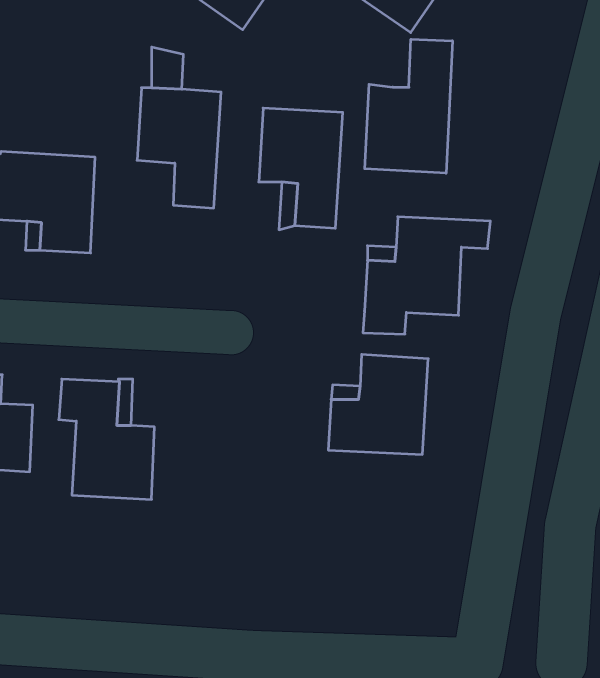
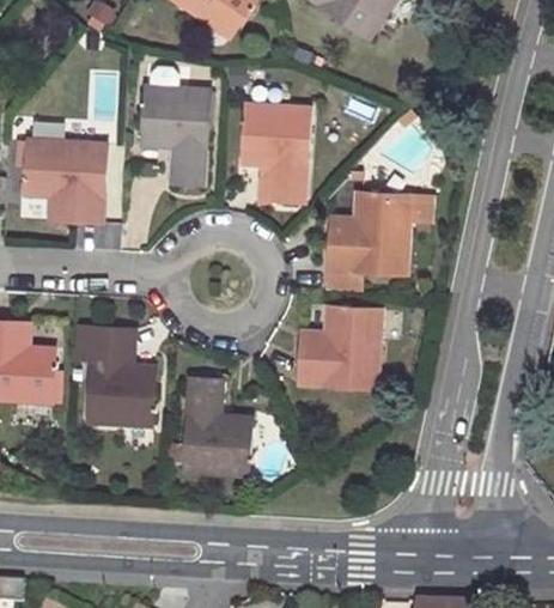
building: [365,39,452,173] -> none
building: none -> [183,378,250,478]

